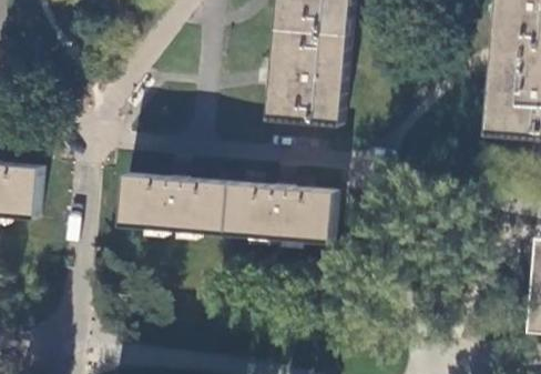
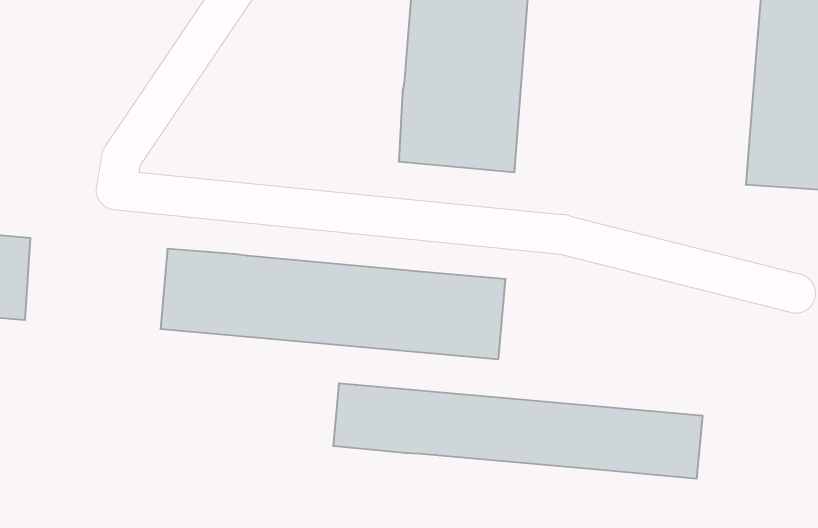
building: none -> [334,383,702,479]

